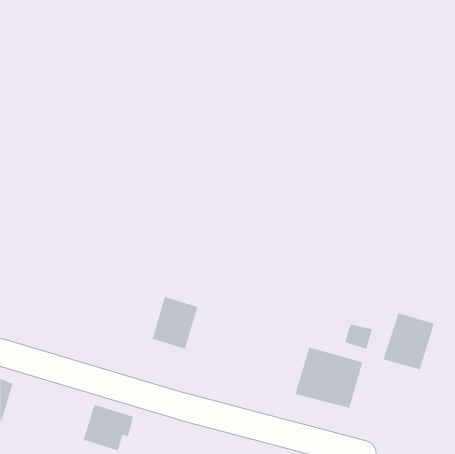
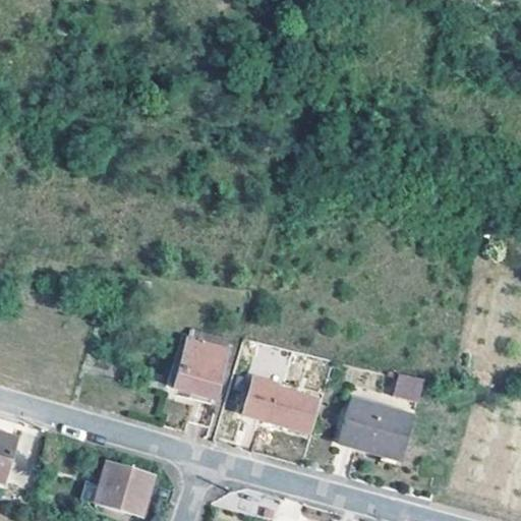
building: [383,313,434,370] -> none
building: none -> [243,375,317,432]

